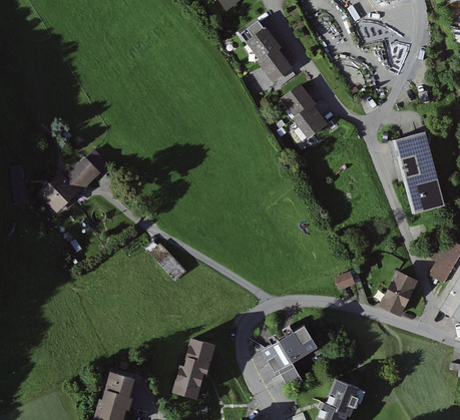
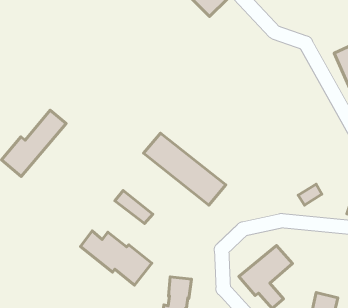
building: [285,82,332,139] -> none
building: none -> [144,133,226,205]
building: none -> [81,231,152,285]

